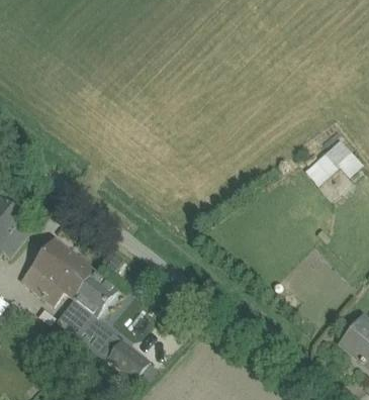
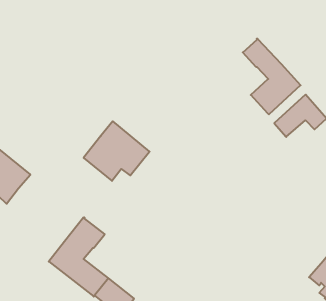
building: none -> [243,39,301,114]
building: [20,239,93,305] -> [84,121,150,181]

